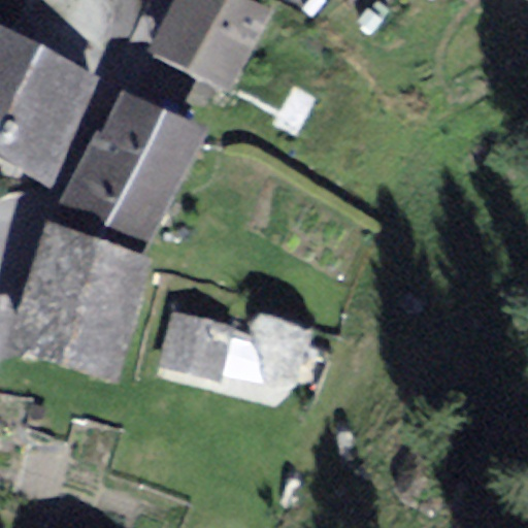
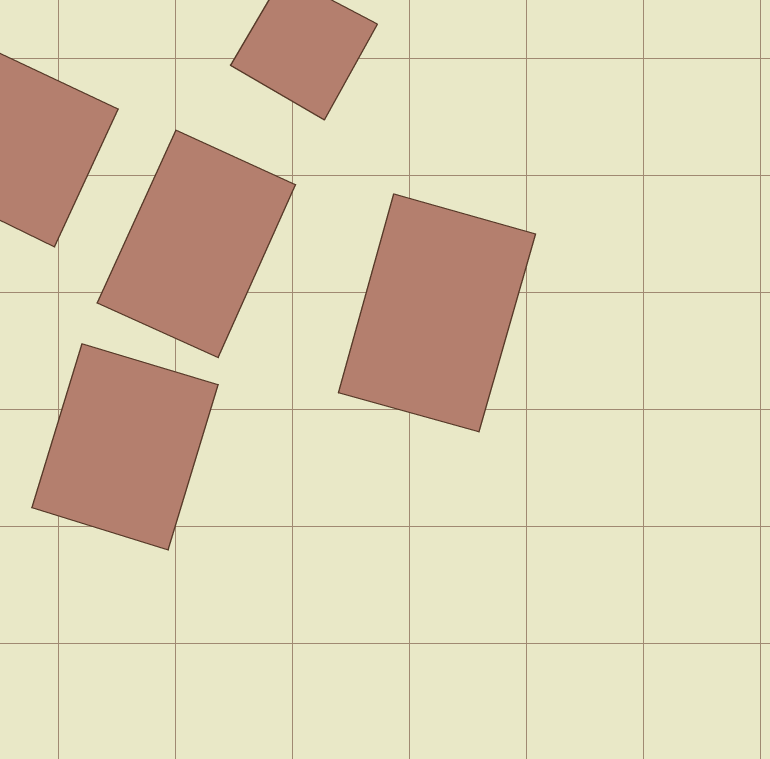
building: none -> [339,194,535,432]
building: [165,314,302,391] -> none

